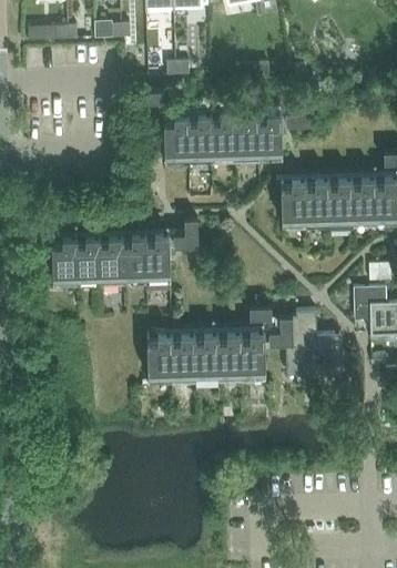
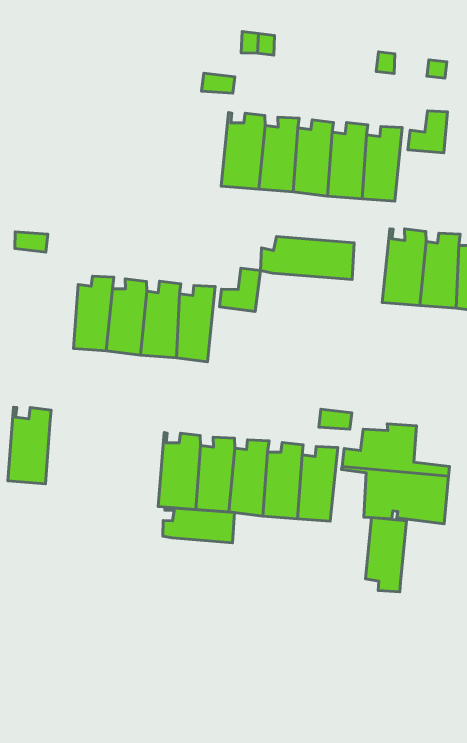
building: none -> [260,237,354,279]
building: [51,234,79,285] -> [8,407,51,484]
building: none -> [365,518,407,592]
building: none -> [163,508,235,543]

